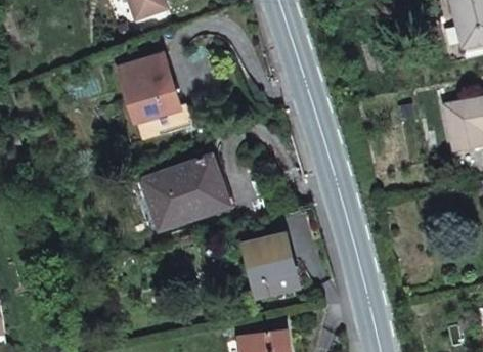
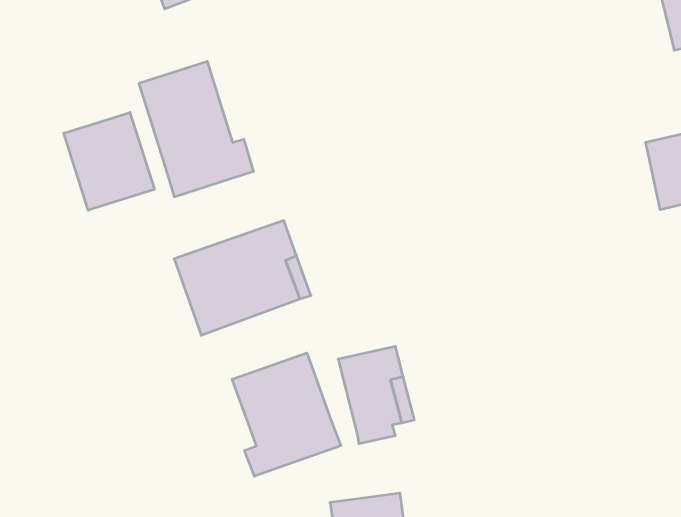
building: none -> [64,112,154,210]
building: none -> [232,353,341,476]

